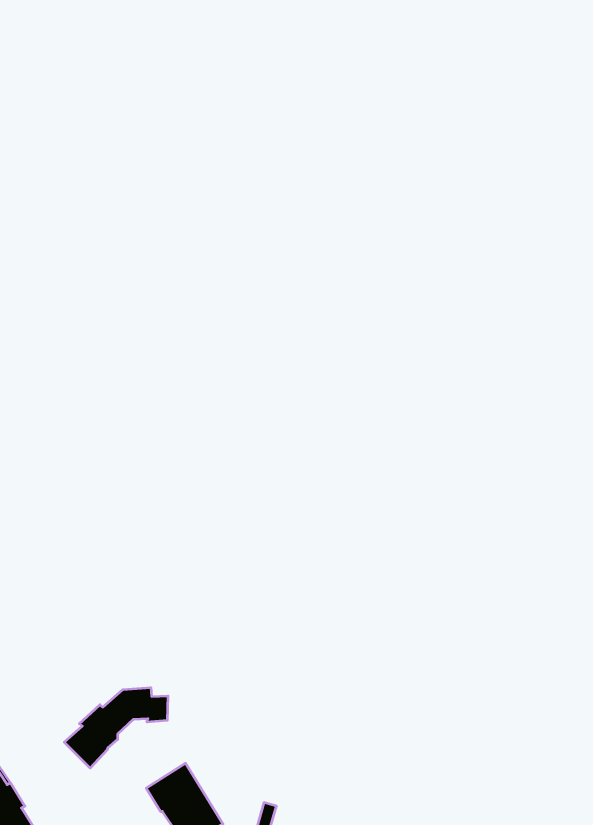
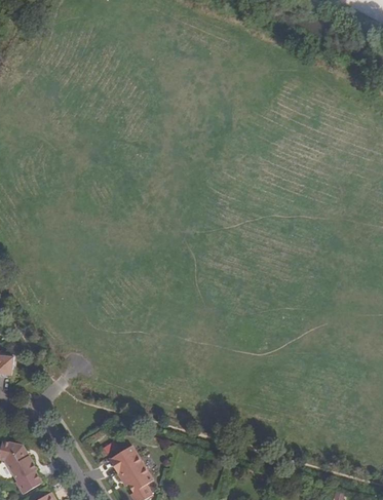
building: [64,688,168,768] -> none

